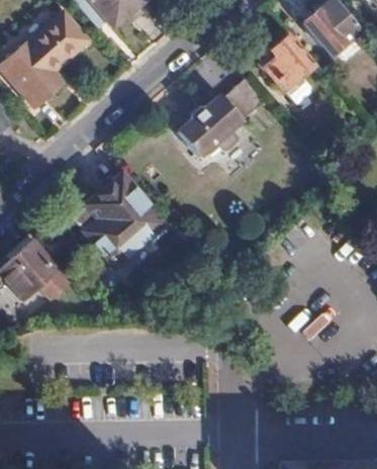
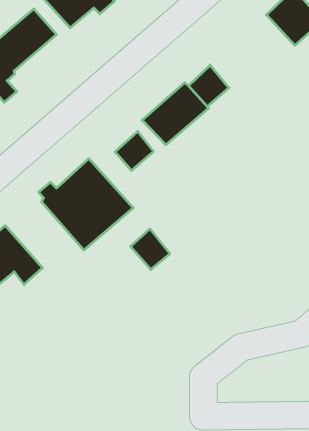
building: [260,32,312,88] -> none
building: none -> [115,131,153,170]
building: none -> [131,229,170,270]

